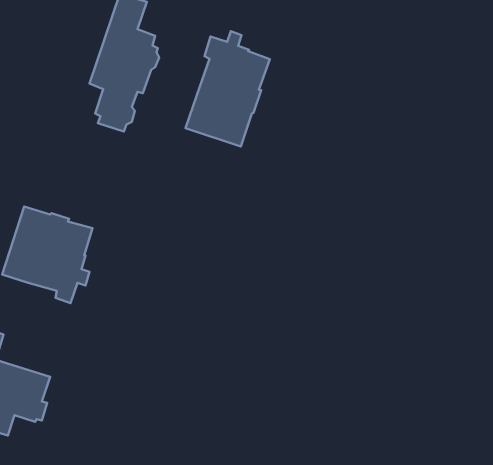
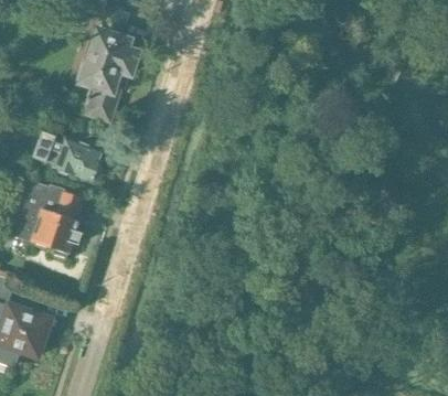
building: [186,31,270,147] -> none
building: none -> [29,130,99,178]

